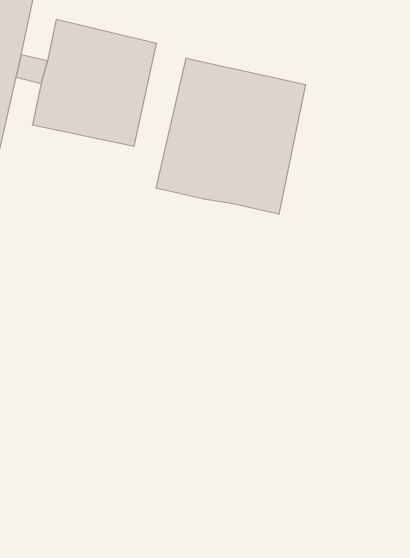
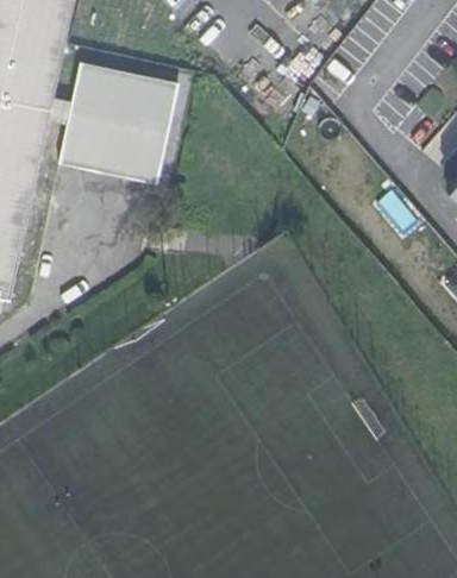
building: [156,58,305,214] -> none

